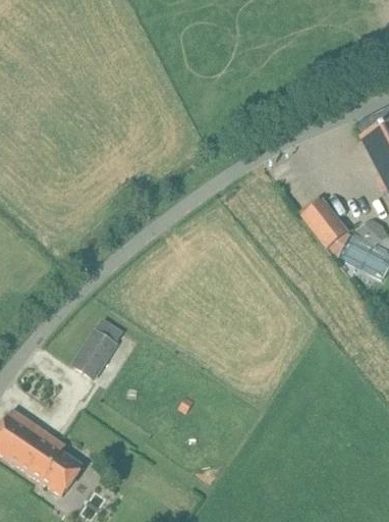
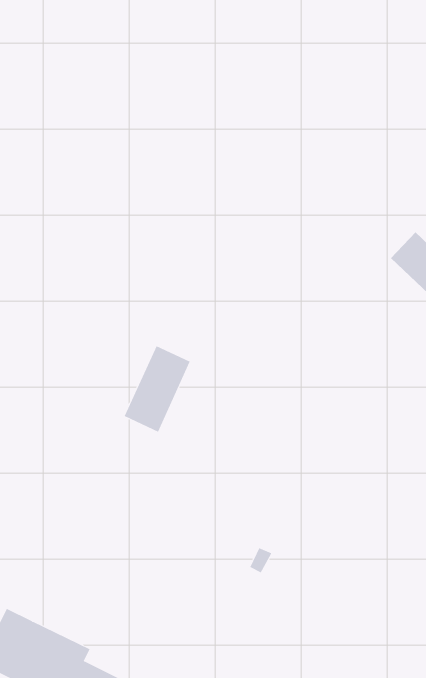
building: [74,319,124,377] -> [124,345,191,432]

